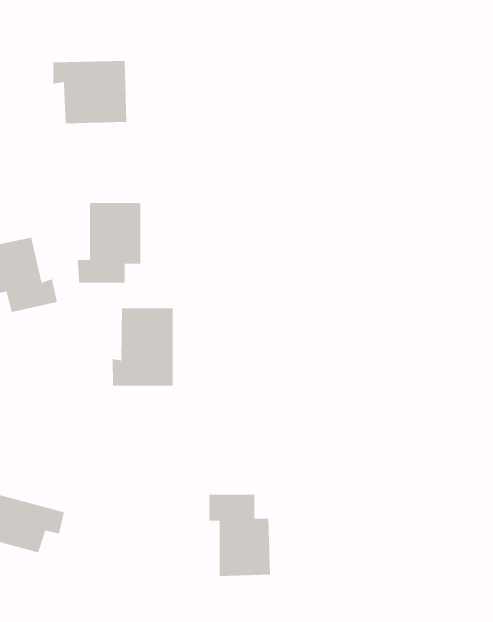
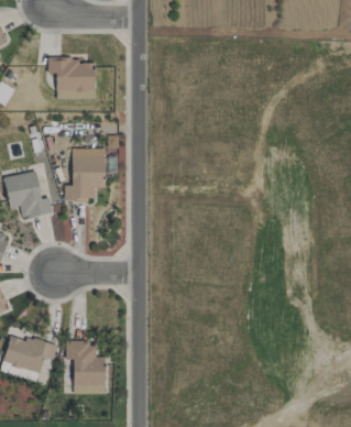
building: [112,307,174,386] -> none
building: [209,494,271,577] -> [67,341,107,394]

